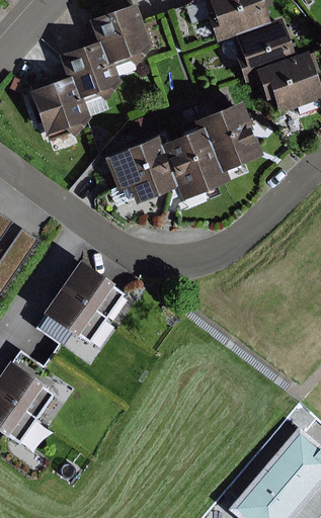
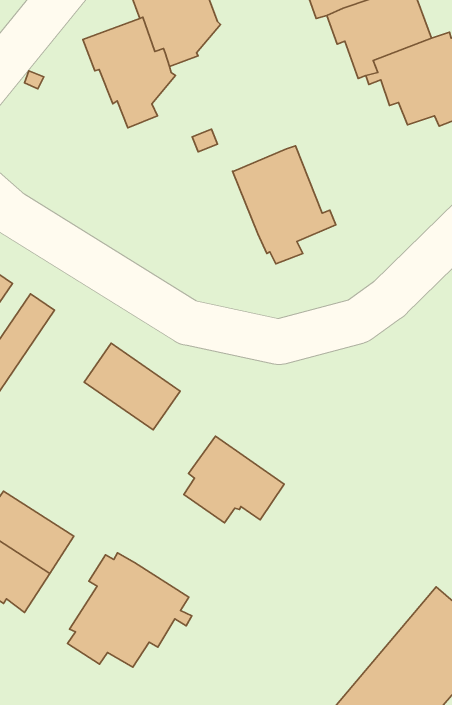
building: [30,76,92,149] -> none
building: [193,101,264,173] -> none
building: [105,136,178,204] -> none
building: [39,287,107,346] -> [184,436,284,523]
building: none -> [68,553,192,667]

